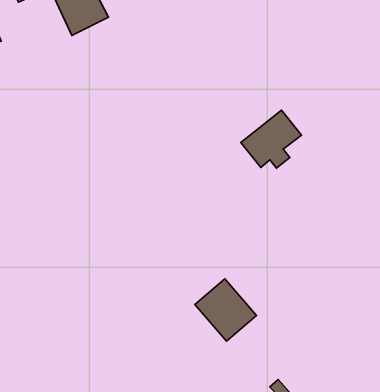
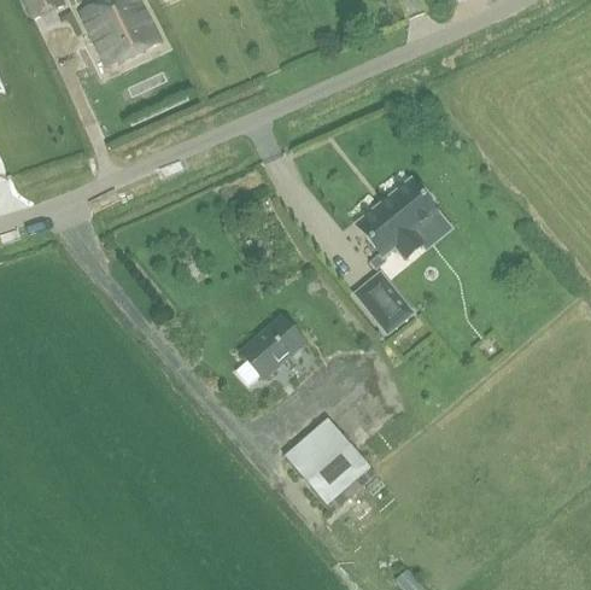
building: none -> [351,267,414,333]
building: none -> [240,316,305,380]

